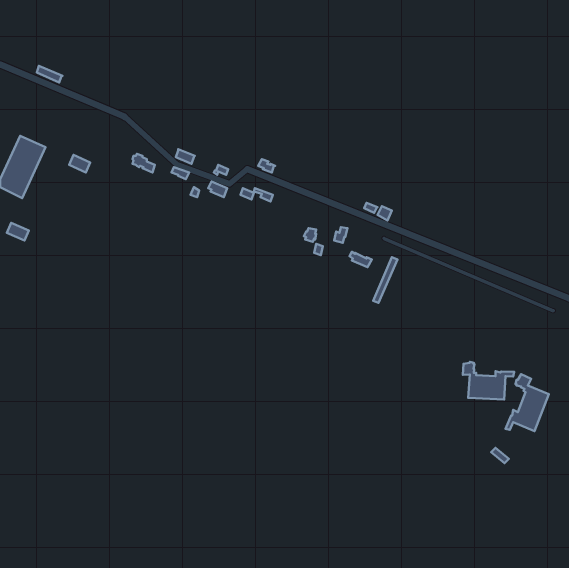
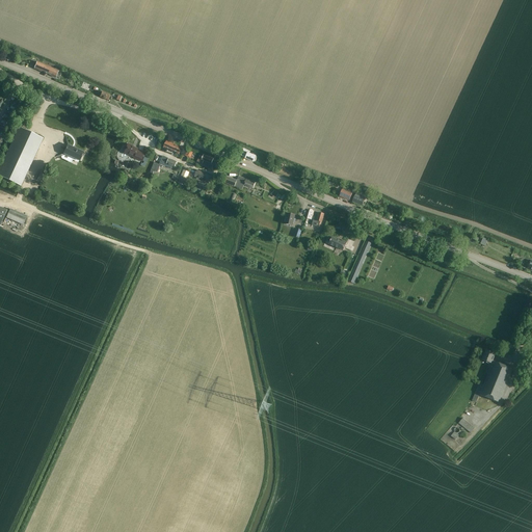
building: [463,362,514,399] -> none

